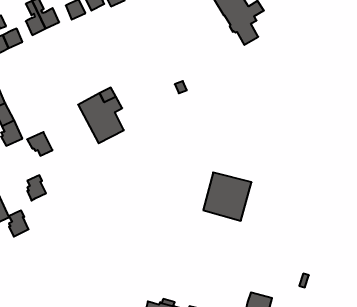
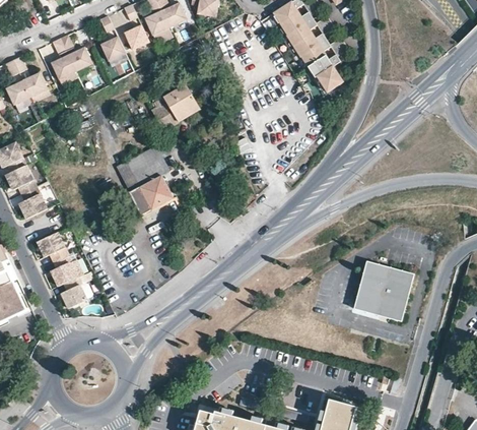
building: none -> [150,84,197,130]
building: [27,132,53,156] -> [37,232,68,261]
building: [203,172,252,221] -> [354,261,414,321]
building: [9,210,29,237] -> [63,275,87,308]

